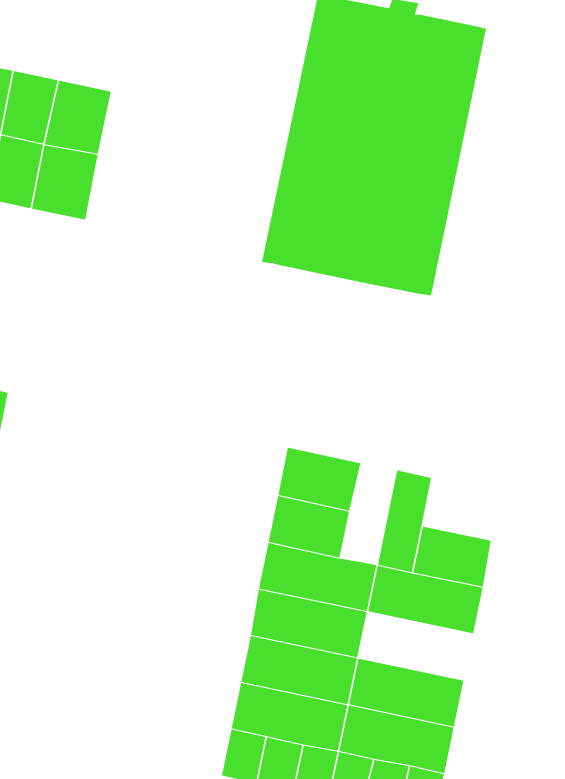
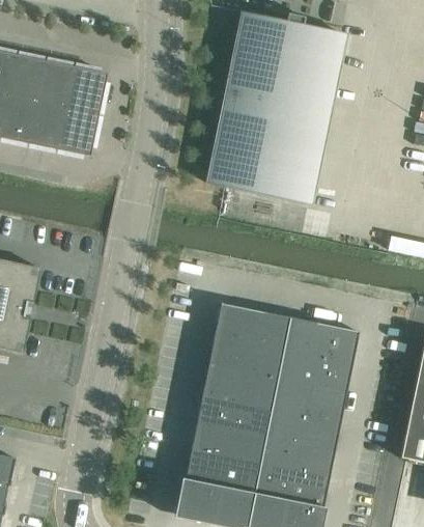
building: none -> [254,313,290,379]
building: none -> [307,323,359,363]
building: none -> [265,409,340,453]

